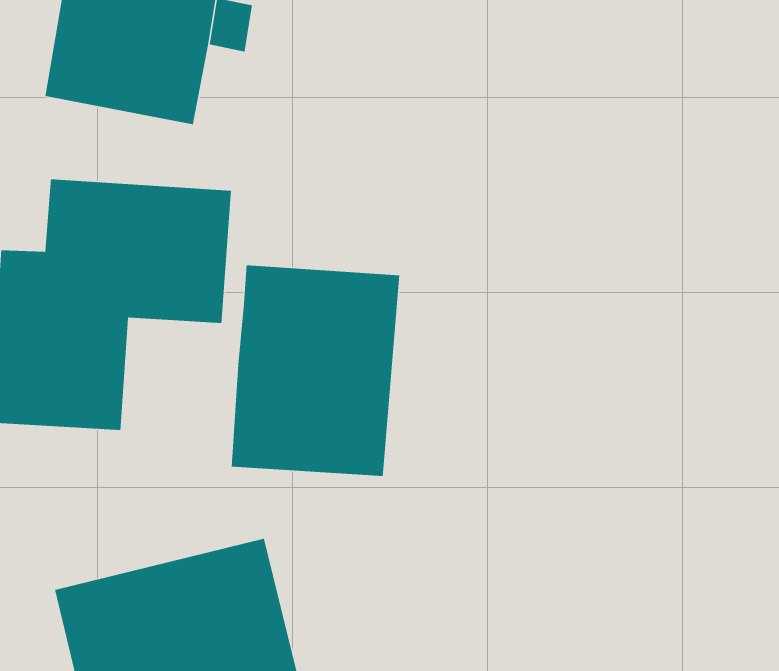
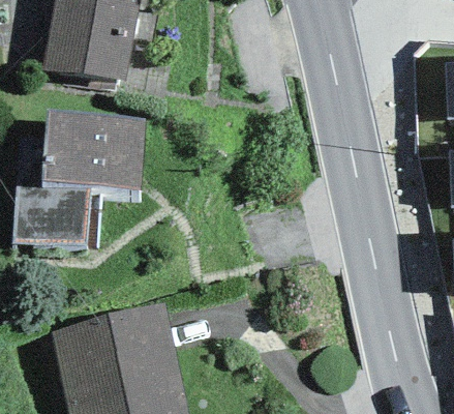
building: [231,265,400,477] -> none

